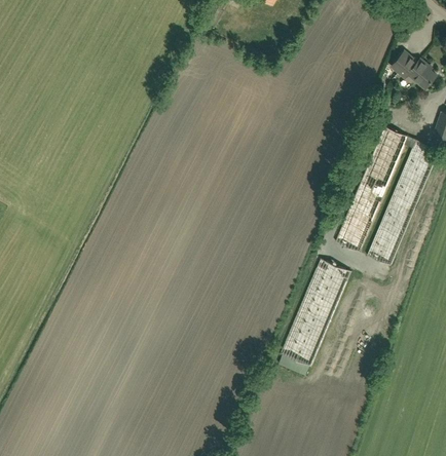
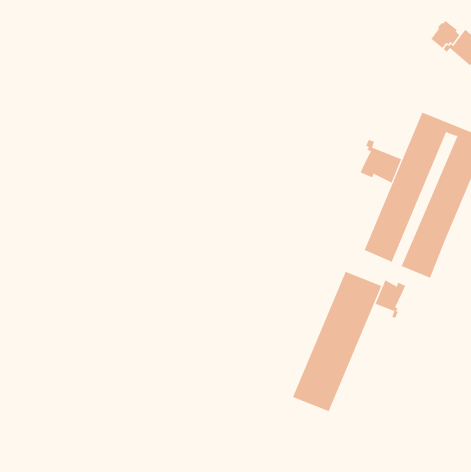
building: none -> [360,139,402,184]
building: none -> [375,279,406,319]

